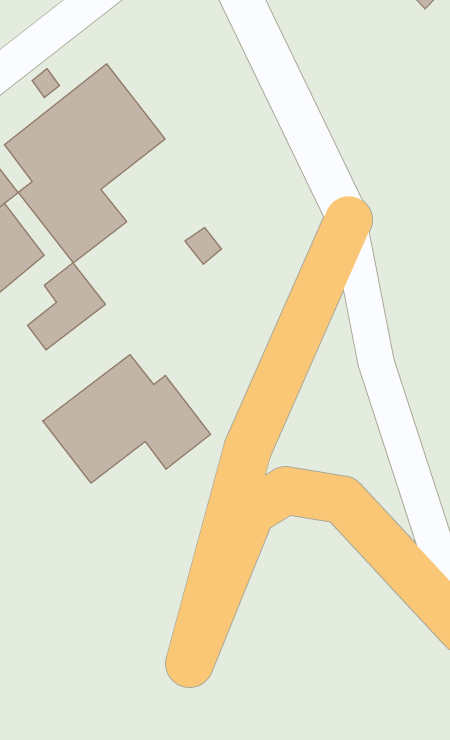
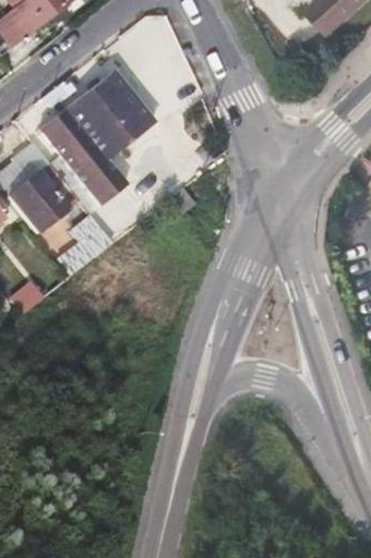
building: [43,355,211,483] -> none

